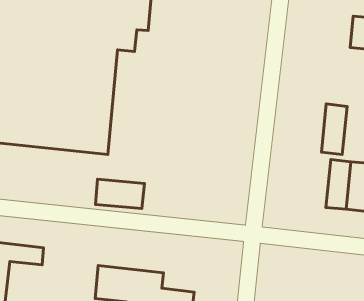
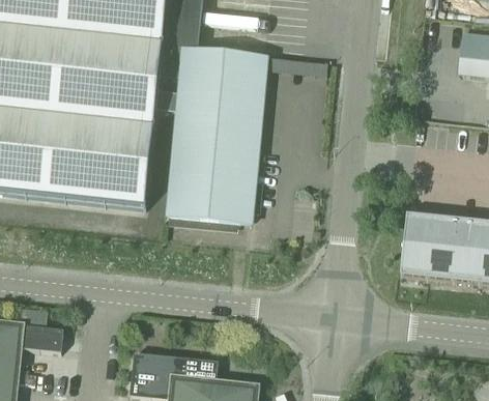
building: none -> [168,49,266,223]
building: [321,104,347,155] -> [400,212,433,278]
building: [96,179,145,209] -> none

